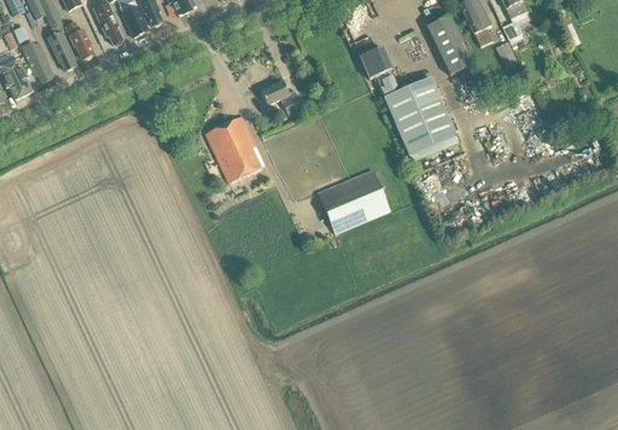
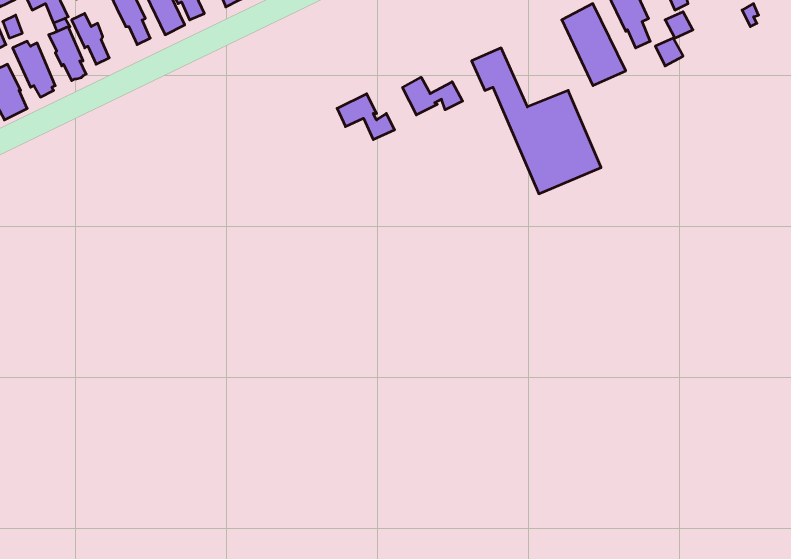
building: none -> [403,77,463,115]
building: [204,116,264,185] -> none
building: [317,170,390,234] -> none

